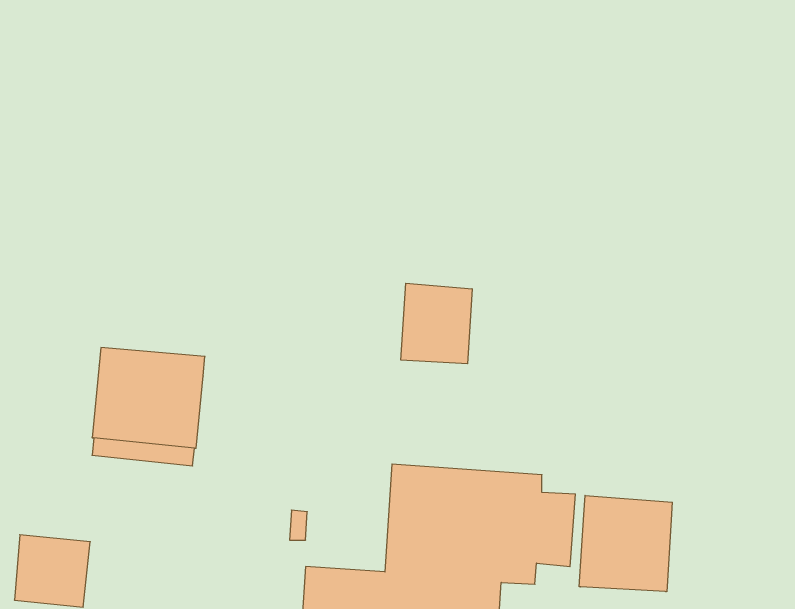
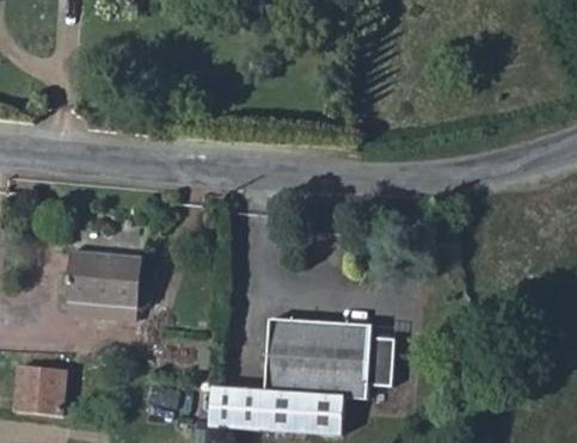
building: [401,283,472,364] -> none
building: [579,495,672,592] -> none

